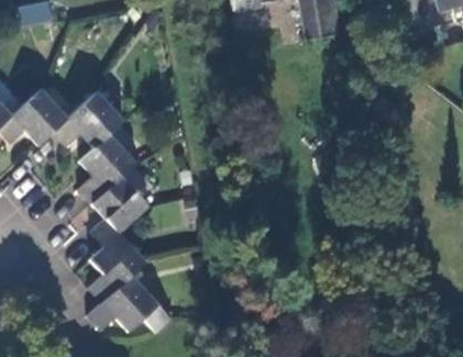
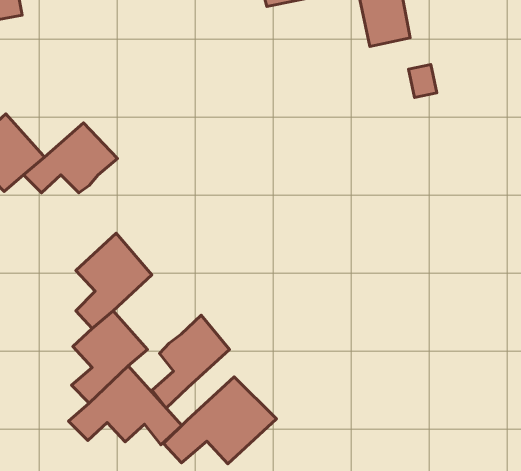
building: [80,134,136,204] -> none
building: none -> [152,315,229,408]
building: none -> [164,377,277,464]

